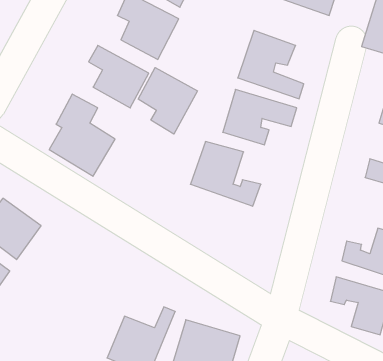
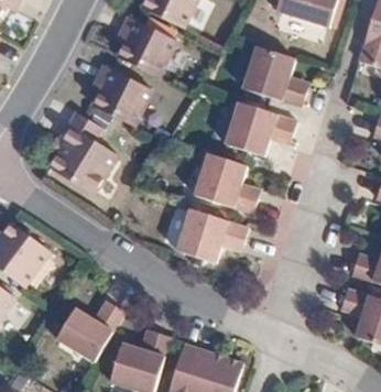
building: [138,68,197,134] -> none
building: none -> [173,217,242,268]
building: none -> [57,287,129,350]

